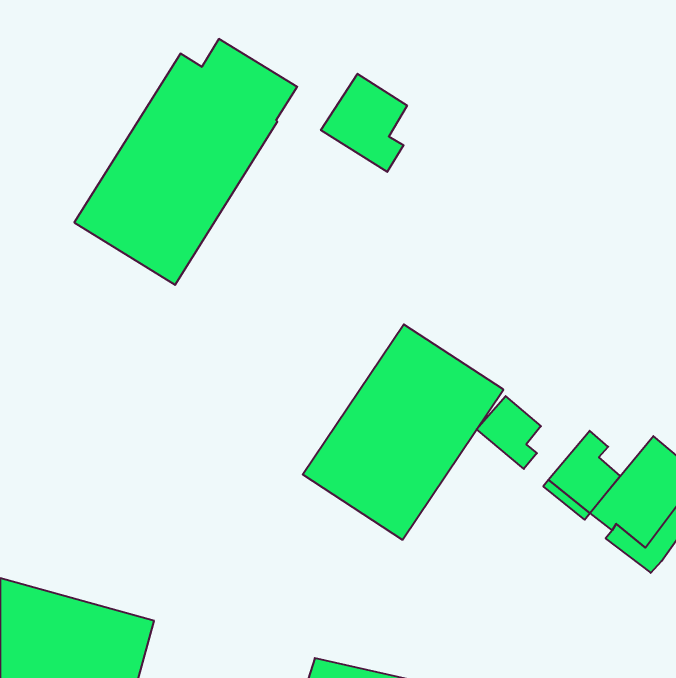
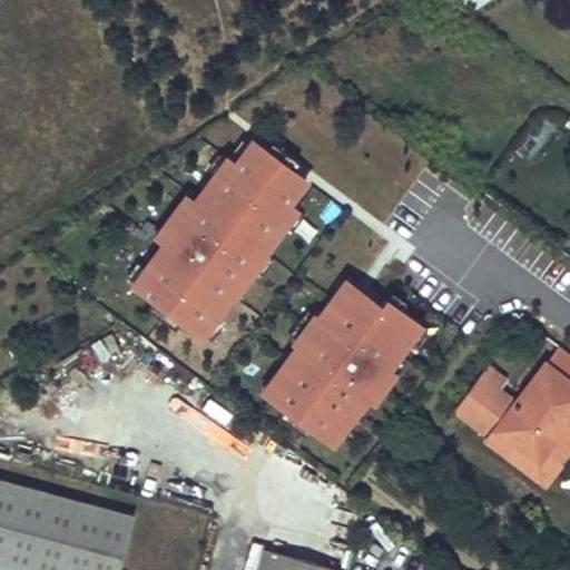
building: [74,39,297,285] -> [126,138,313,344]
building: [321,74,407,172] -> none
building: [477,396,541,469] -> none

